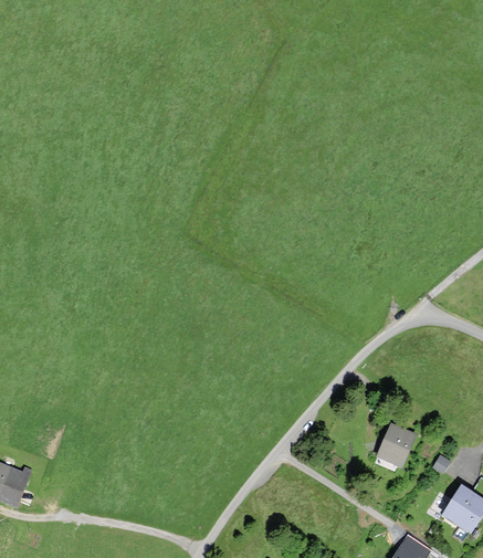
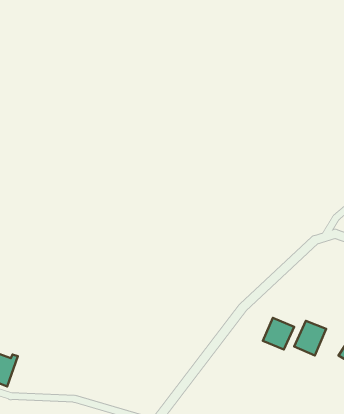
building: none -> [263,318,294,349]

